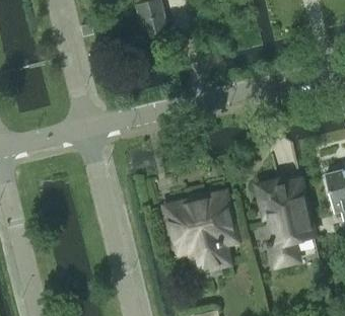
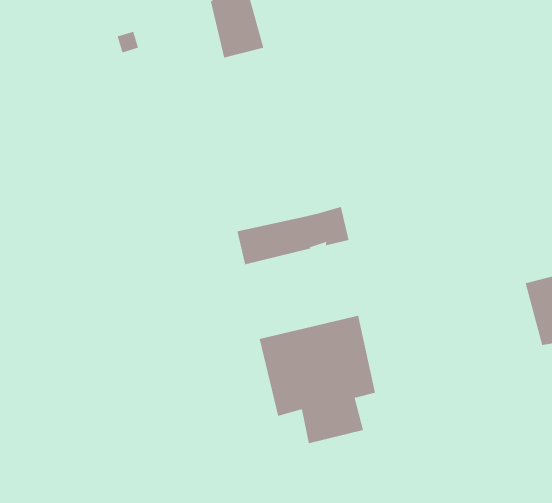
building: none -> [237,206,349,265]
building: [258,180,314,264] -> none

